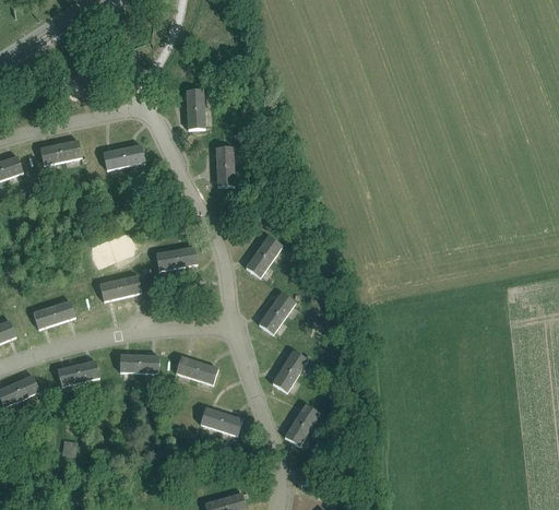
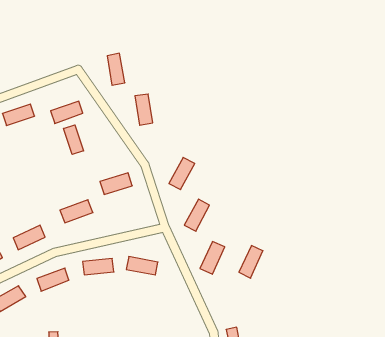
building: none -> [64,125,84,154]
building: [285,404,320,447] -> [239,246,263,278]
building: [200,407,242,436] -> none

